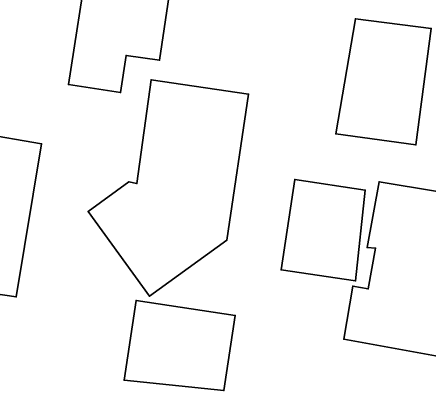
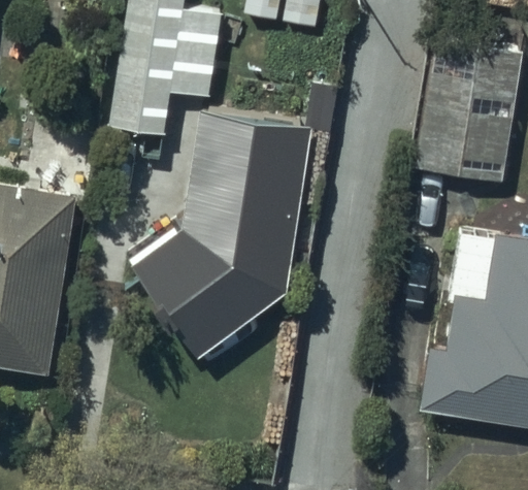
building: [281,180,365,281] -> none
building: [124,301,235,391] -> none

